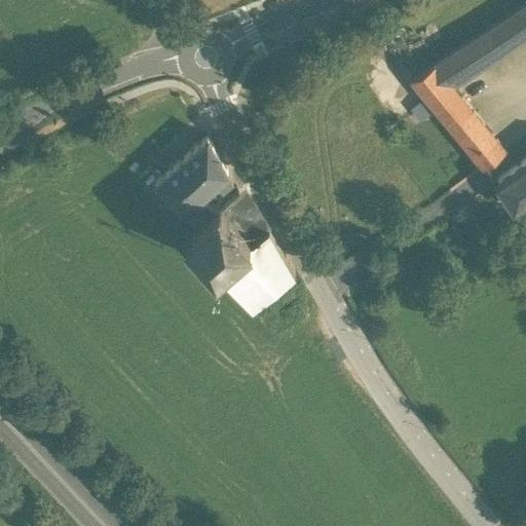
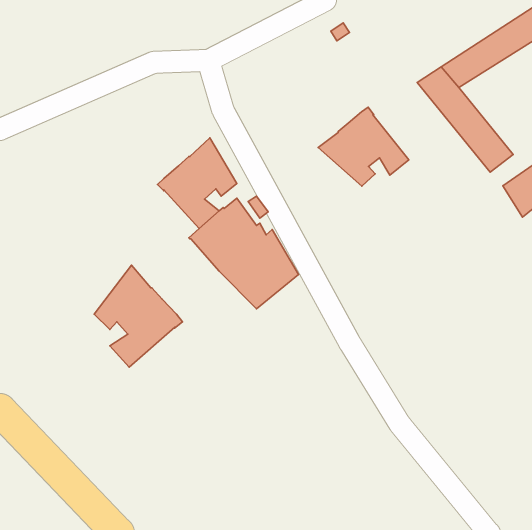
building: none -> [318,107,409,186]
building: none -> [94,265,183,367]

